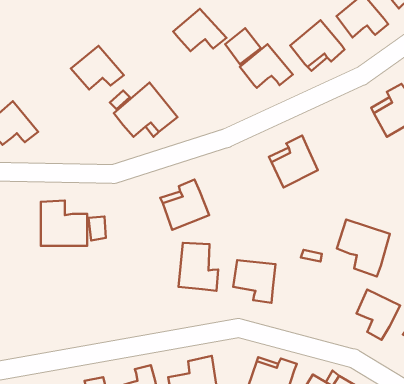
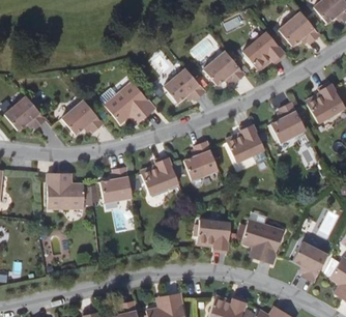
building: [173,9,226,51] -> [164,68,205,102]
building: [71,46,124,90] -> [61,99,103,134]
building: none -> [271,103,306,143]
building: none -> [184,141,218,179]
building: none -> [100,168,133,203]
building: [337,219,390,276] -> [242,220,284,264]
building: [178,243,218,291] -> none

